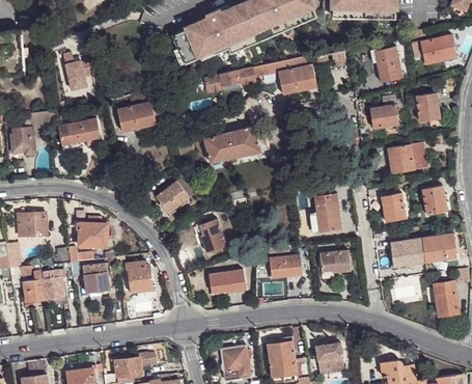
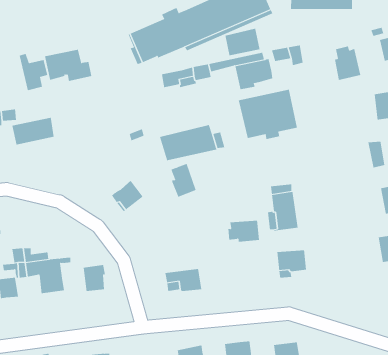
building: none -> [225,28,260,56]
building: none -> [238,89,298,140]
building: [115,101,163,133] -> [44,49,92,81]
building: [369,105,398,128] -> none
building: [386,143,414,173] -> none
building: [381,192,405,222] -> none
building: [199,218,225,252] -> [170,163,197,198]
building: [78,223,106,246] -> none
building: [389,238,423,266] -> none
building: [269,254,301,276] -> [227,220,260,242]

